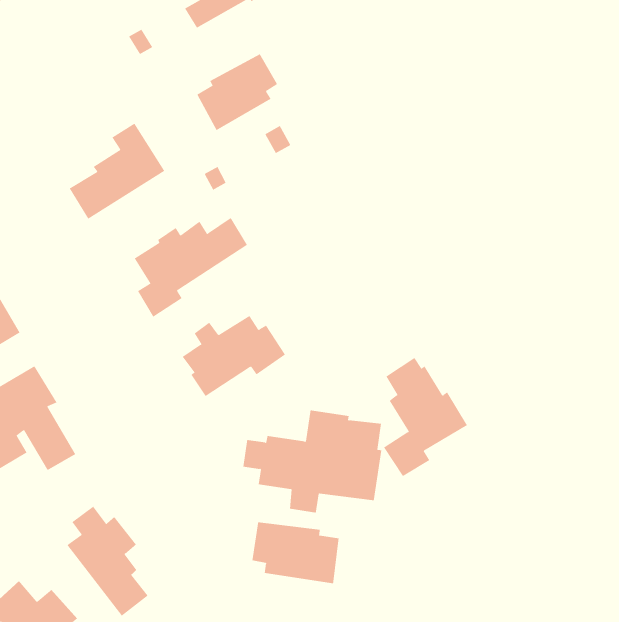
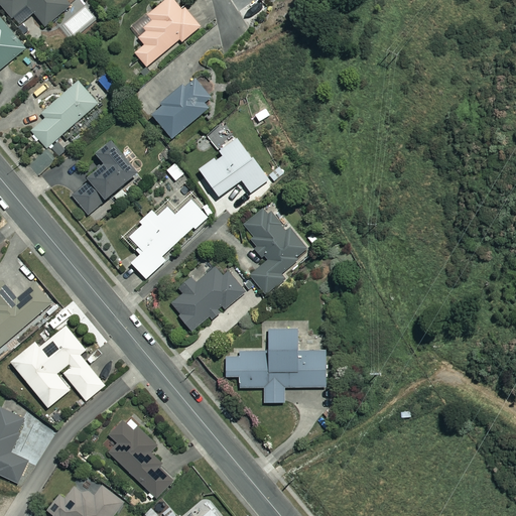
building: none -> [31,82,97,148]
building: none -> [199,139,267,197]
building: [383,357,468,477] -> [243,208,307,295]
building: [252,522,339,584] -> none

